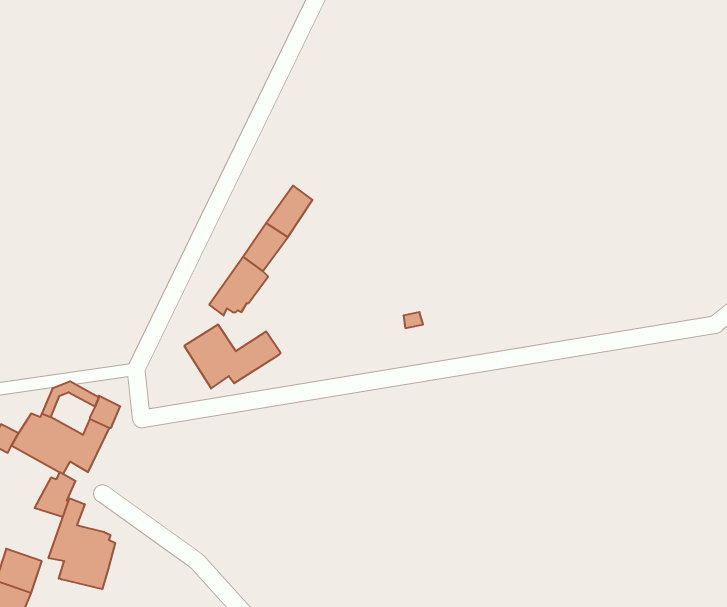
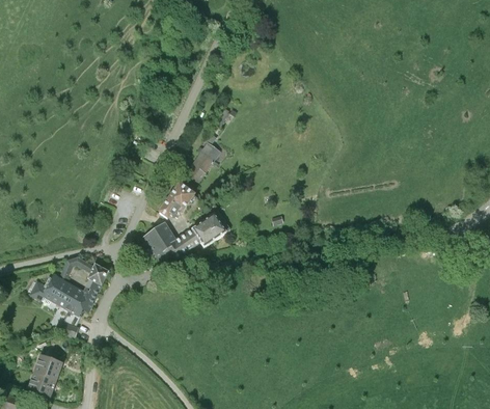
building: none -> [192,210,230,246]
building: [49,498,115,589] -> none

